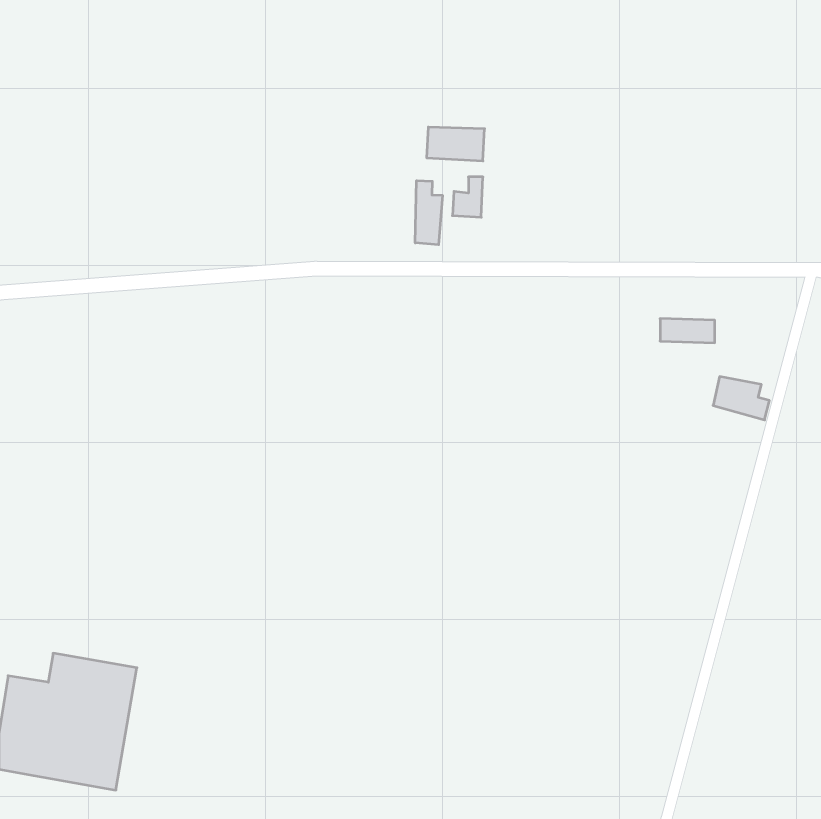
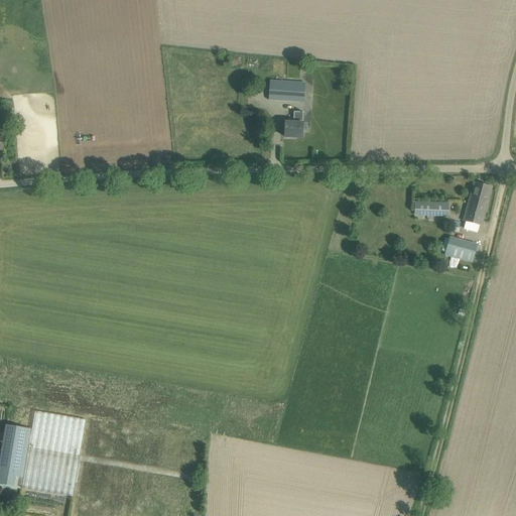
building: [415,181,442,245] -> none
building: none -> [463,180,491,231]

